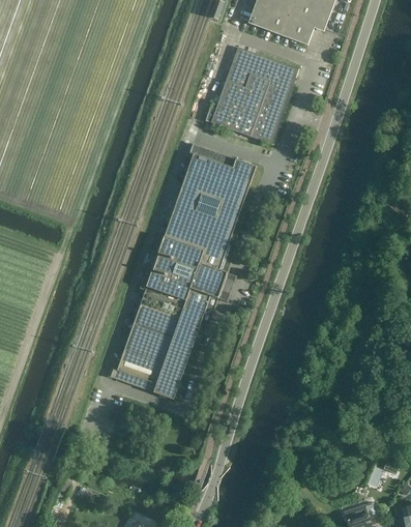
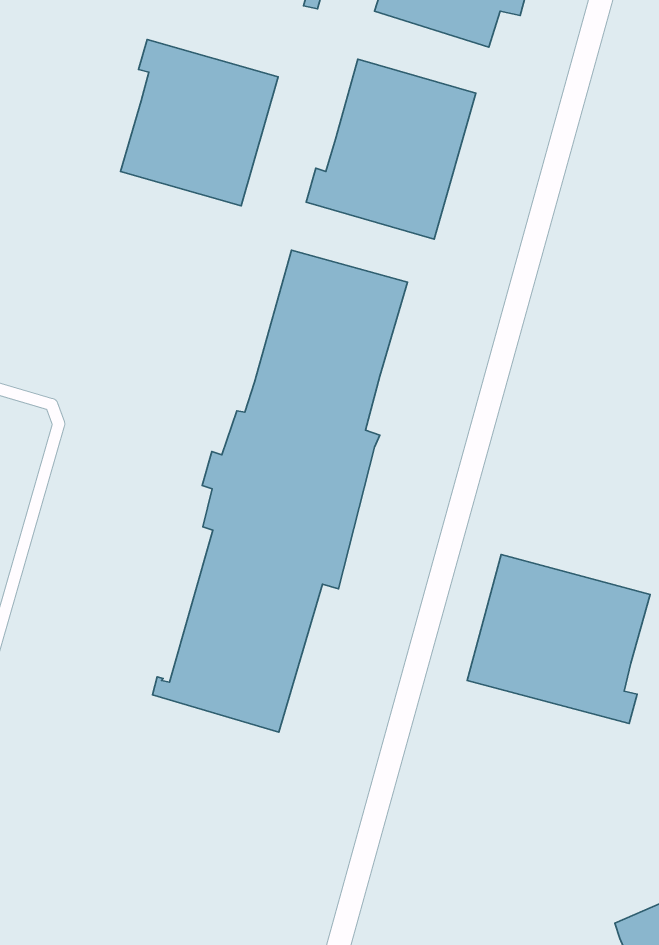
building: none -> [121,39,278,206]
building: none -> [467,555,650,724]

